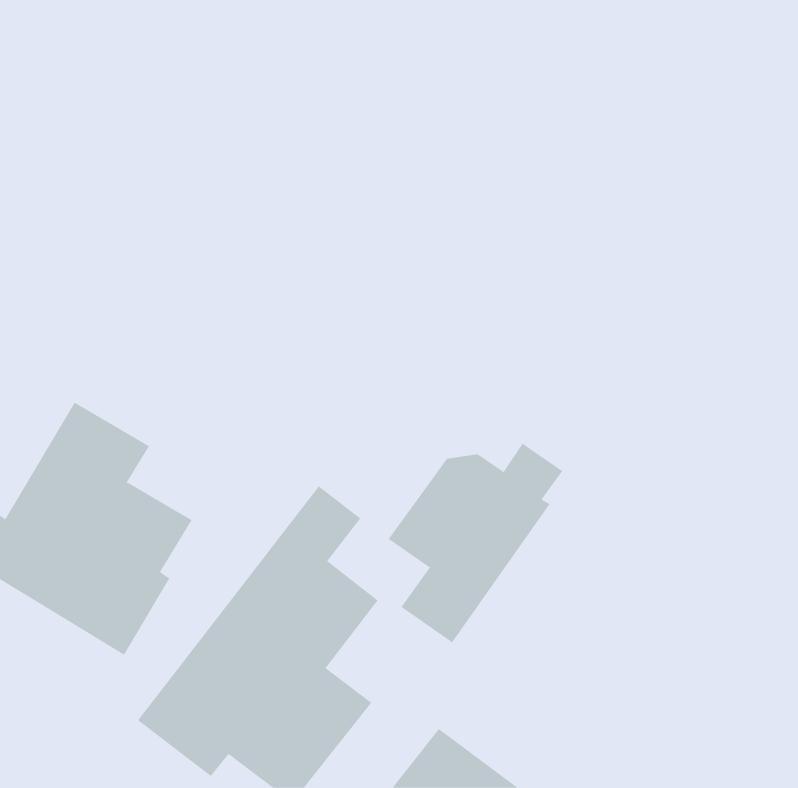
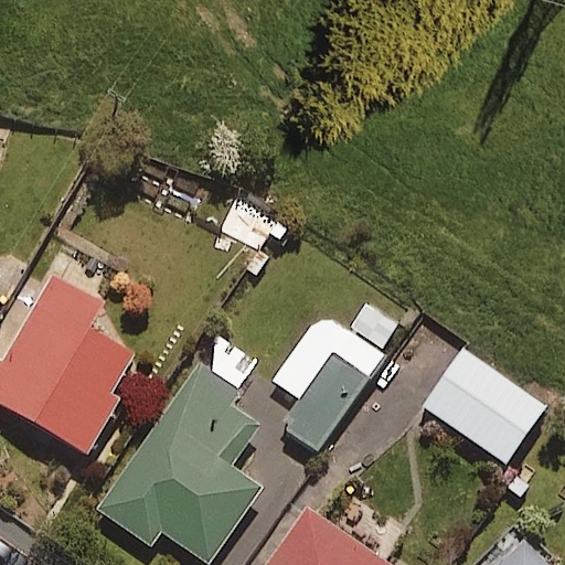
building: none -> [422,349,546,465]

